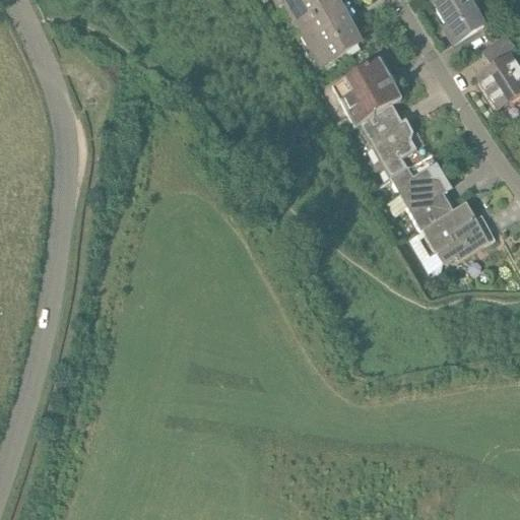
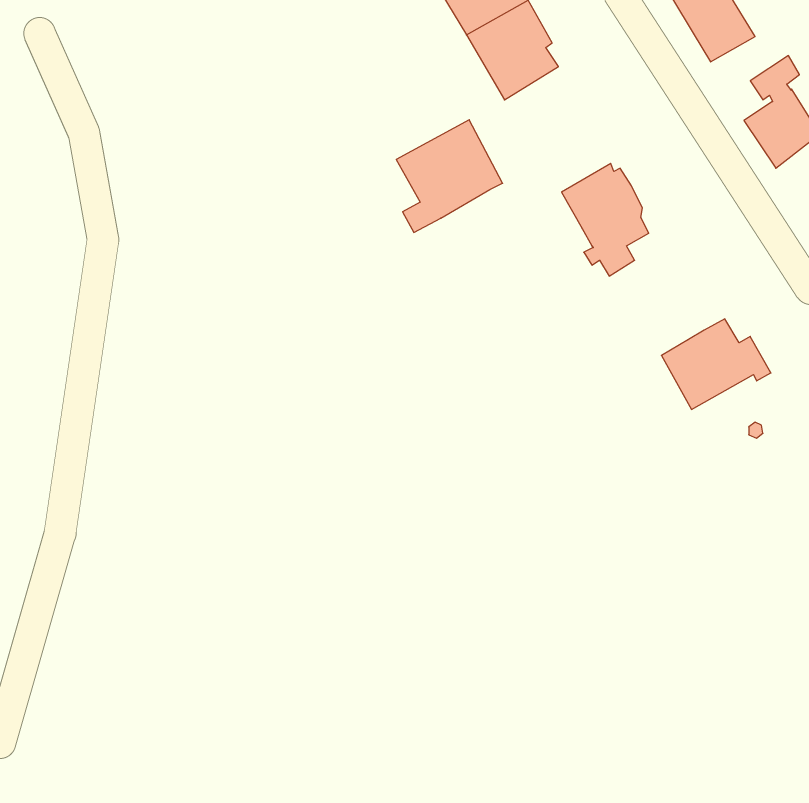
building: [332,60,400,132] -> [396,120,503,232]
building: [391,167,457,230] -> none

